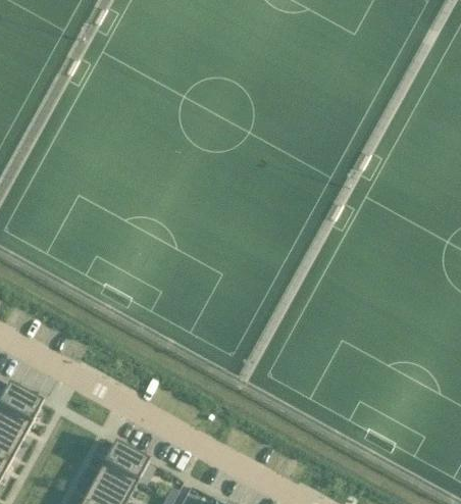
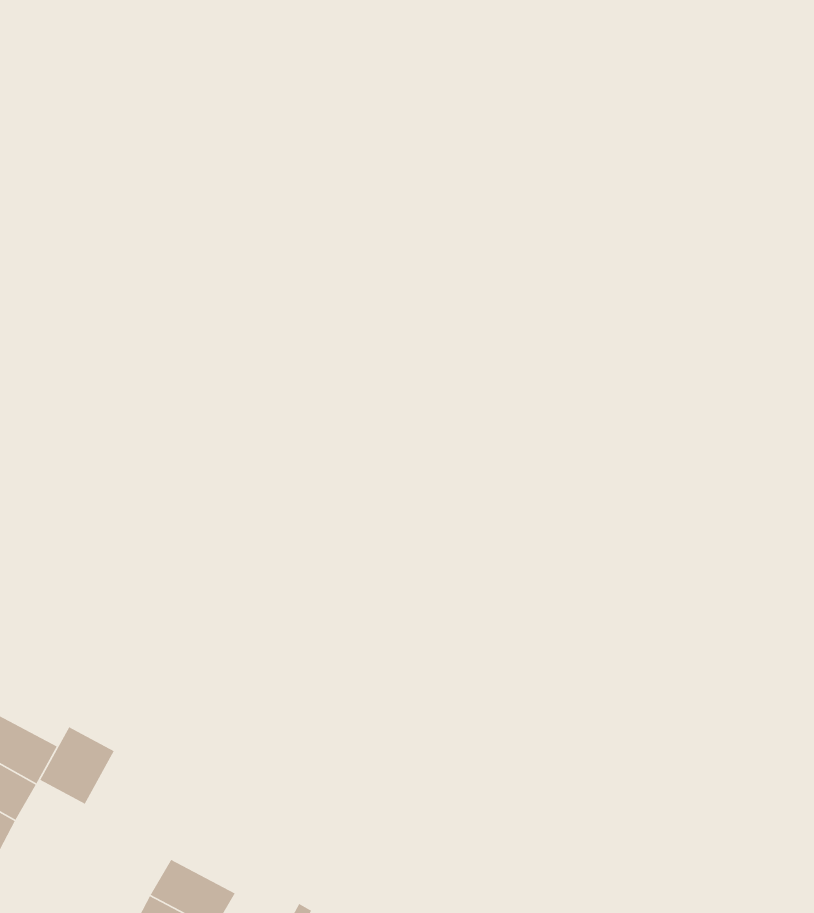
building: none -> [39,726,115,805]
building: [102,442,148,481] -> none

